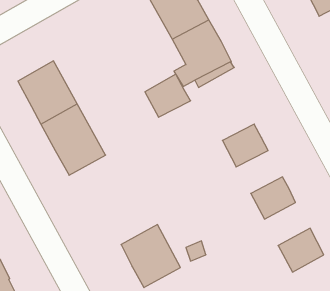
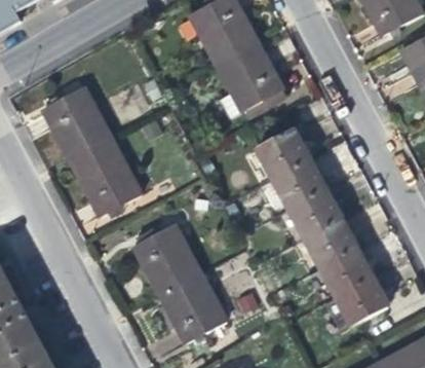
building: [145,74,191,117] -> [258,127,309,176]
building: none -> [288,187,341,235]
building: none -> [132,223,200,293]
building: none -> [320,246,372,294]

